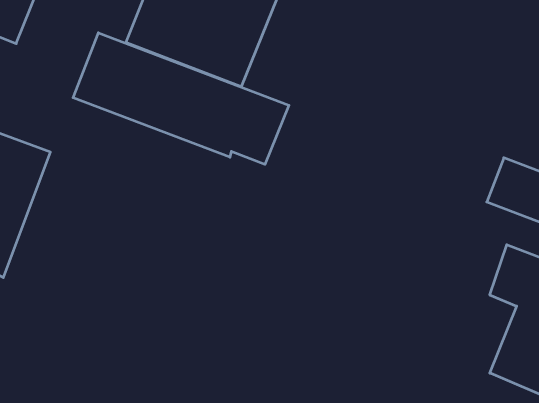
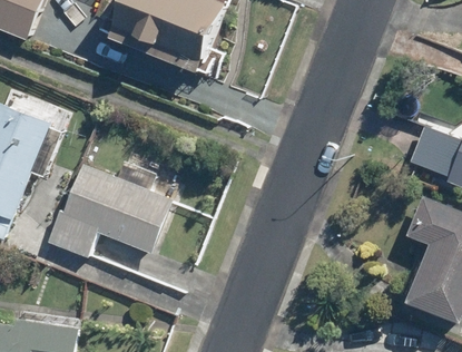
building: [73,33,289,164] -> none
building: none -> [46,159,175,256]

